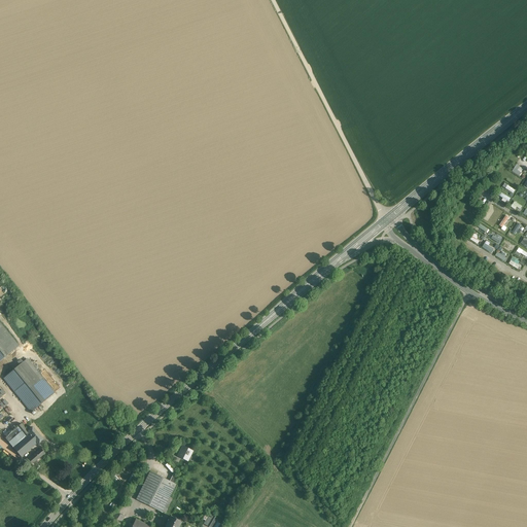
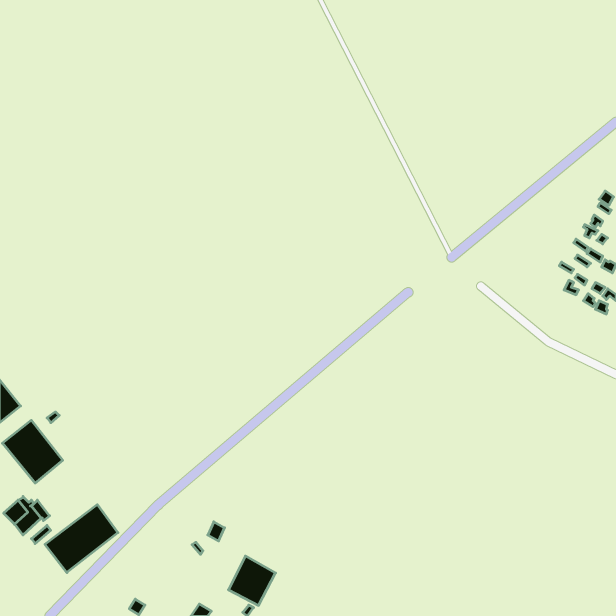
building: none -> [45,505,118,573]
building: [135,470,175,513] -> [228,556,276,605]

